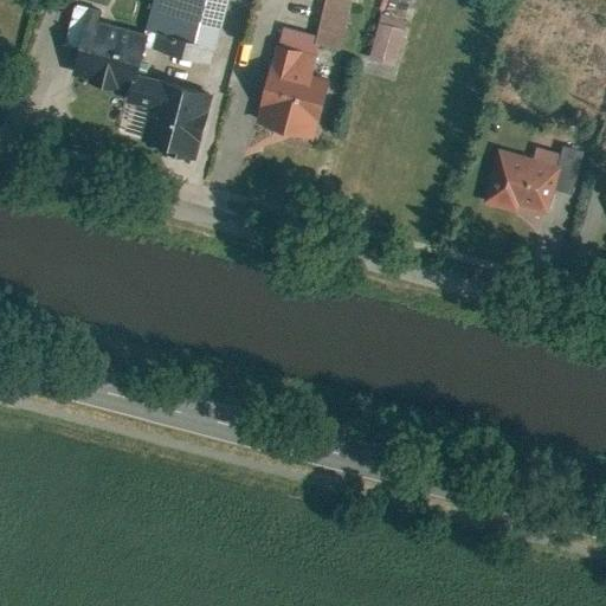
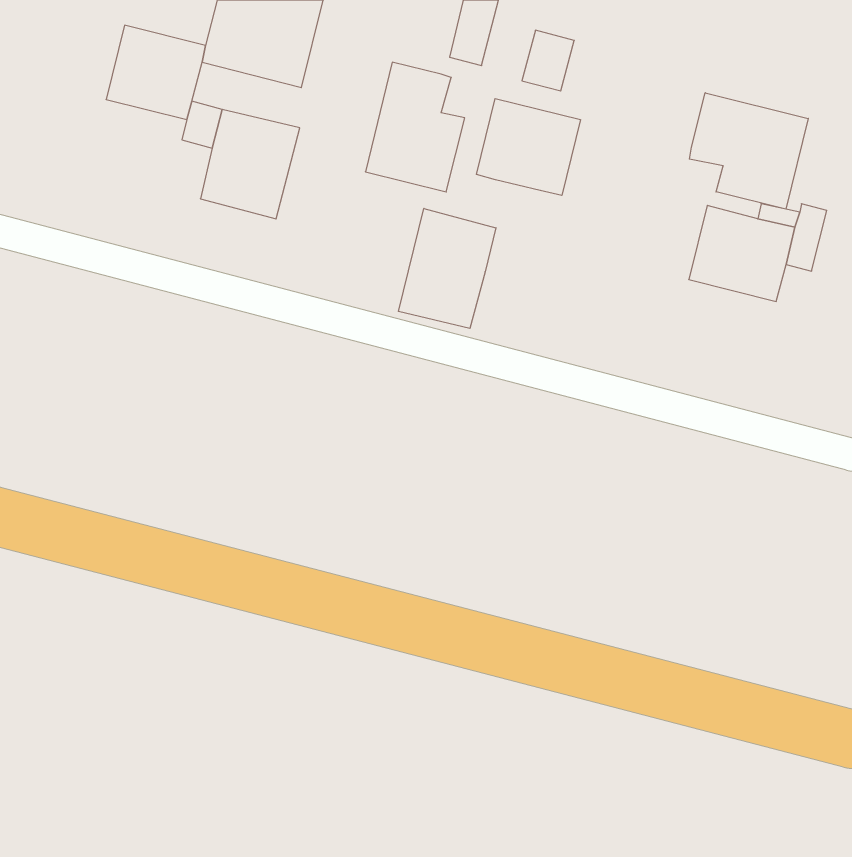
building: [276,27,315,54] -> none
building: none -> [689,93,808,209]
building: none -> [476,99,580,195]
building: none -> [398,208,496,328]

